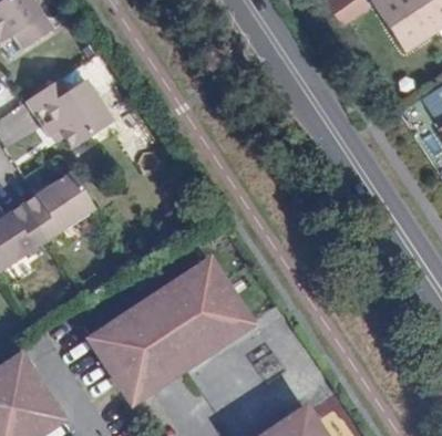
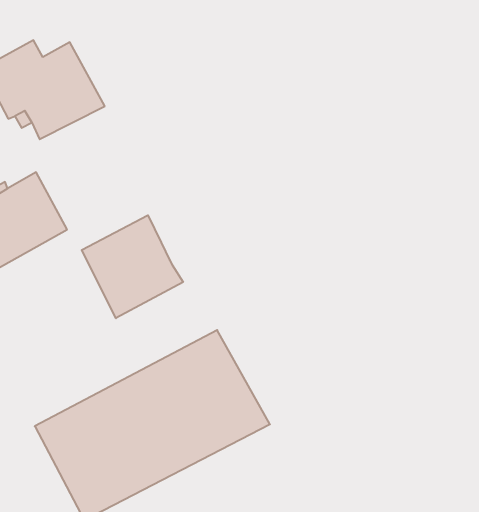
building: none -> [82,215,183,318]

